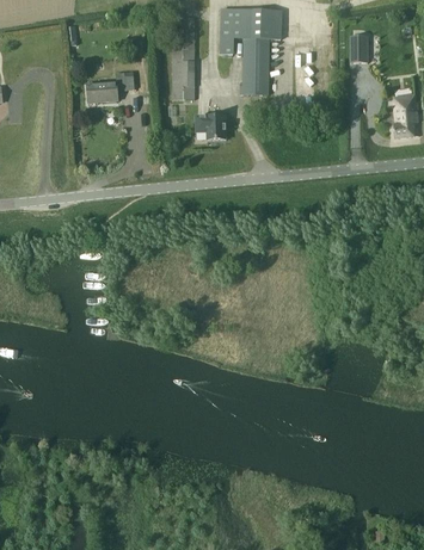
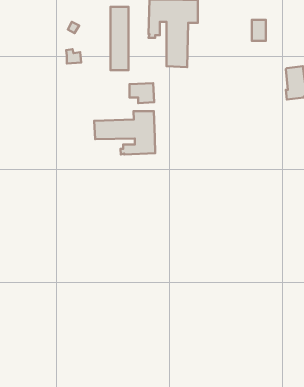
building: [87,80,118,101] -> none
building: none -> [94,111,155,155]

